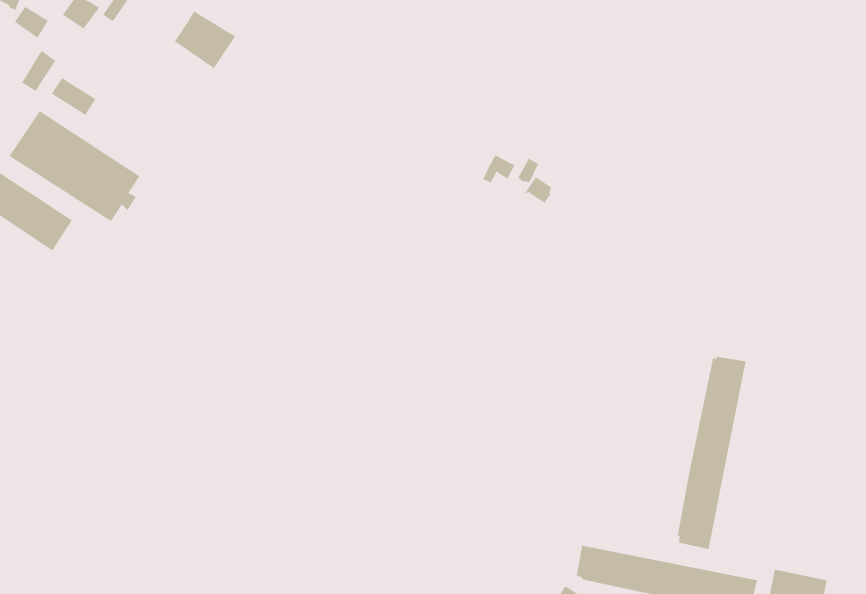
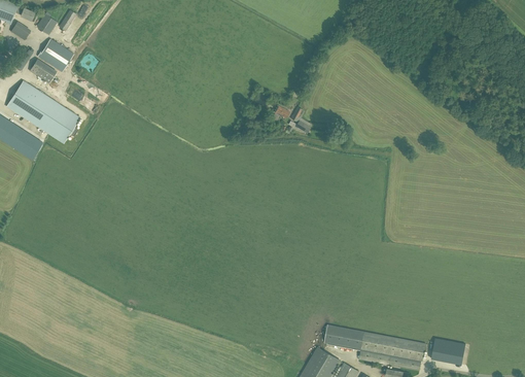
building: [174,10,236,69] -> [38,39,73,72]
building: [677,356,747,550] -> none

